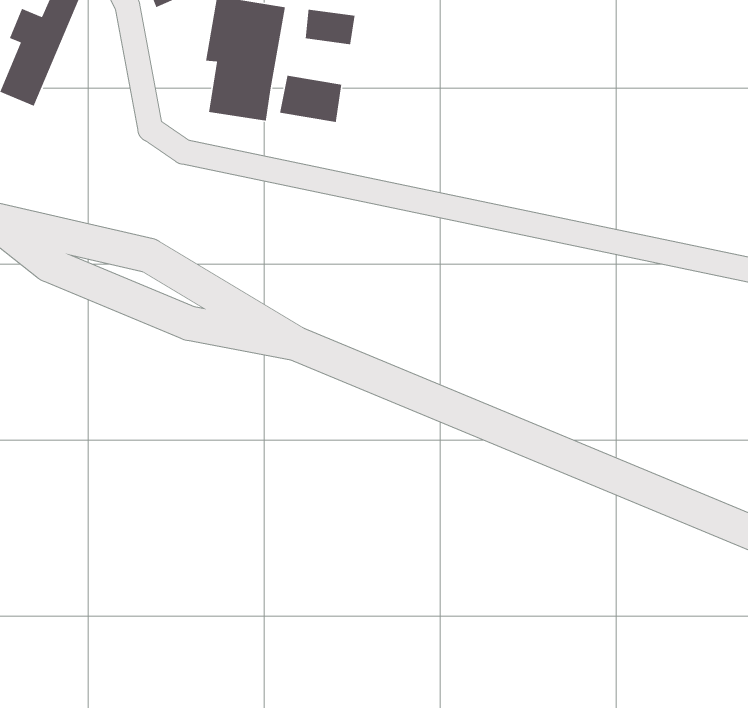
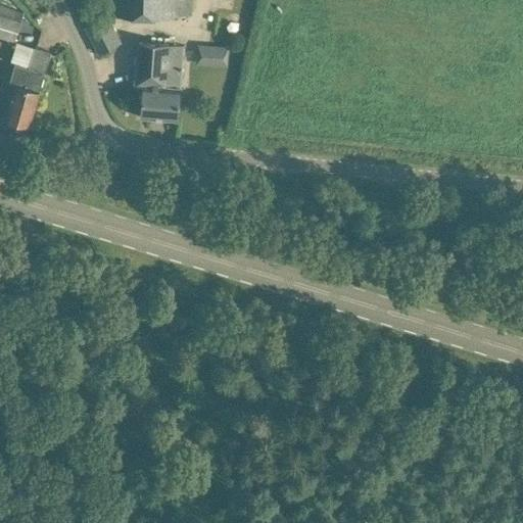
building: [279,75,342,123] -> none

